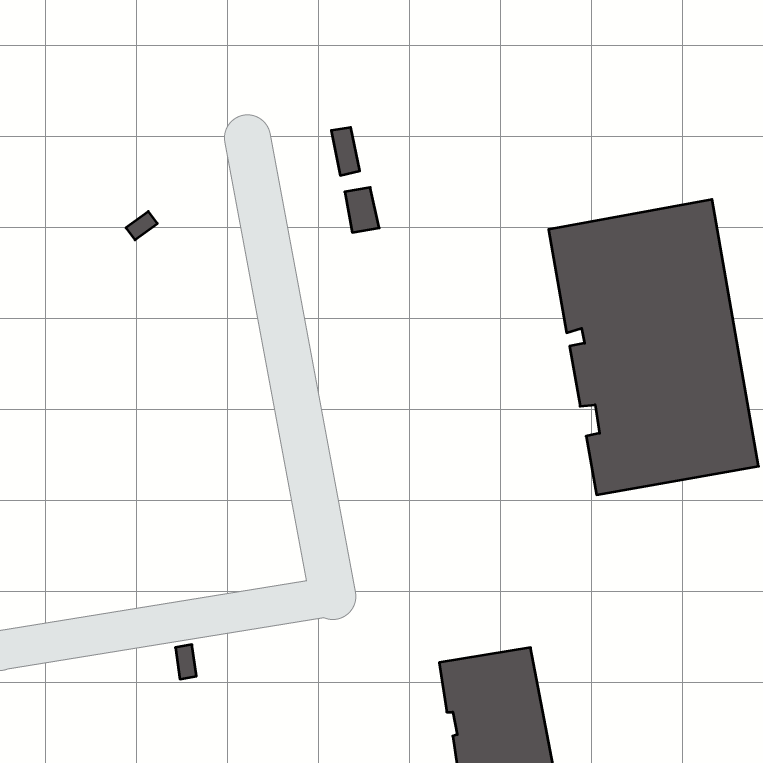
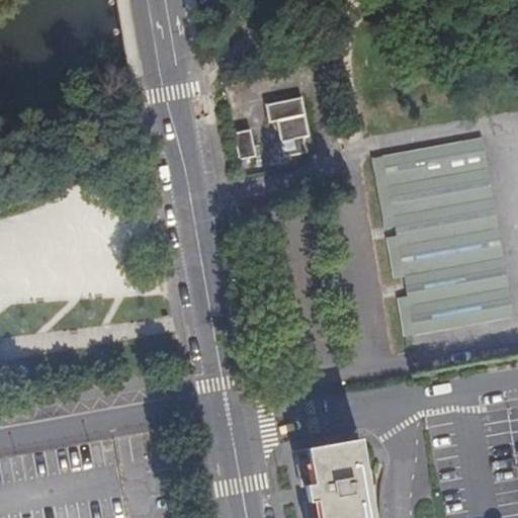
building: none -> [266,97,311,153]

